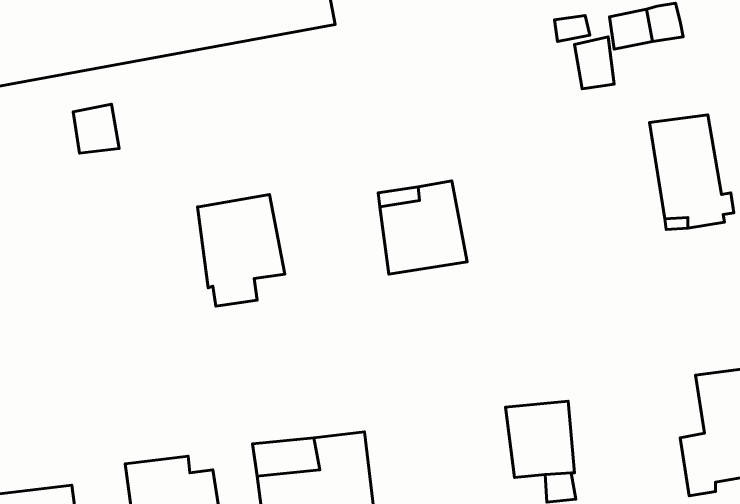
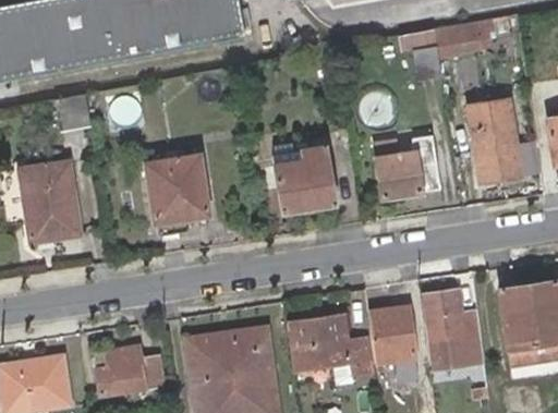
building: none -> [374,138,440,199]
building: none -> [21,165,80,242]
building: none -> [423,289,483,368]
building: none -> [290,313,372,372]

